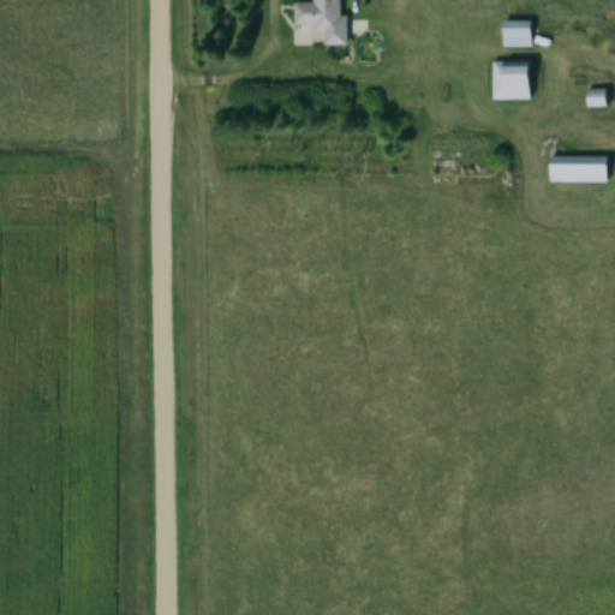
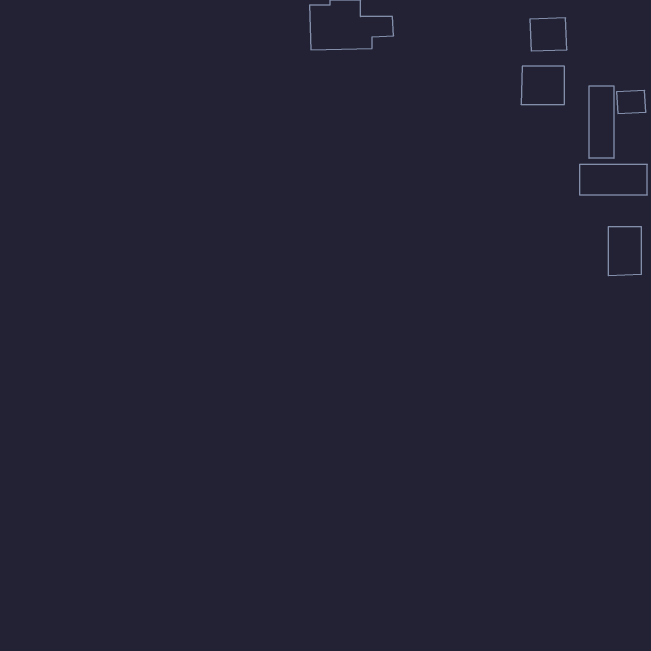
building: none -> [589,86,614,158]
building: none -> [608,227,641,276]

